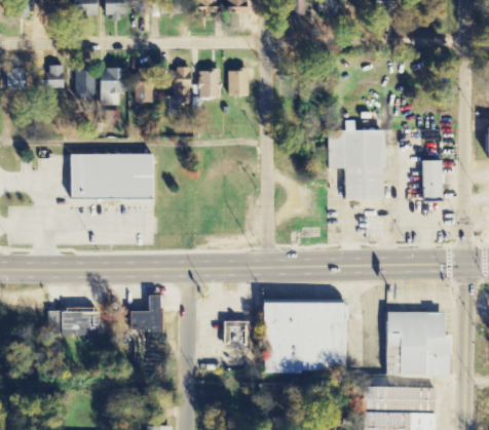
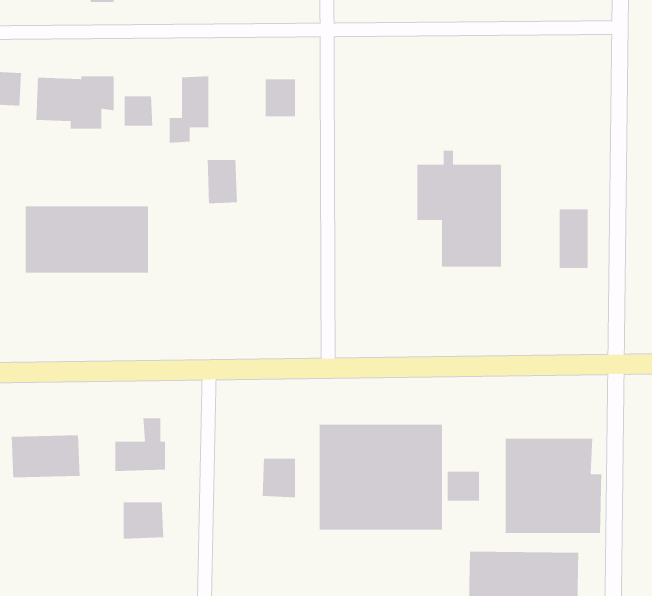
building: [201,69,222,99] -> [207,159,238,204]
building: none -> [447,471,480,501]
building: none -> [123,501,164,539]

